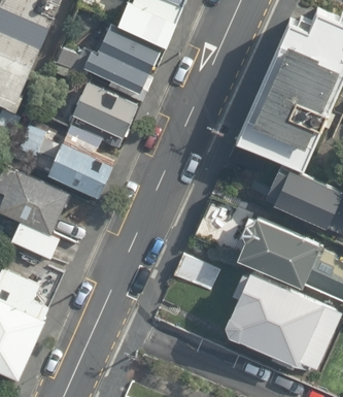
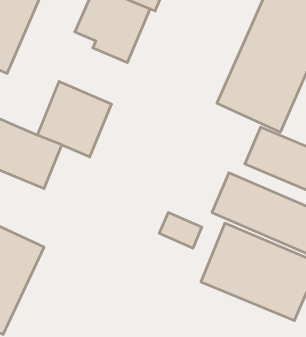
building: [69,78,142,144] -> none

